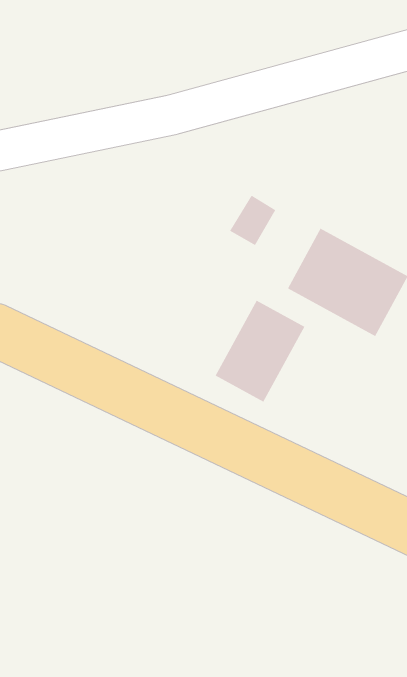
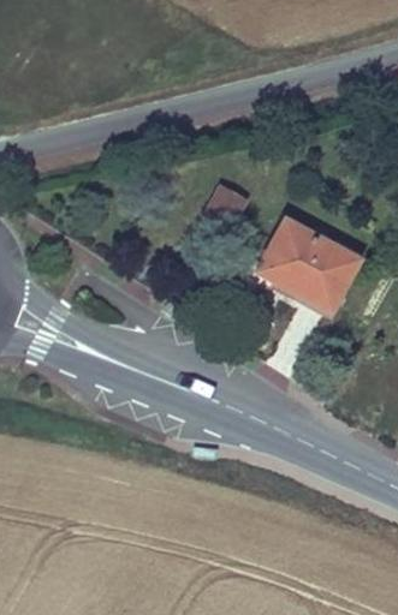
building: [215,300,305,403] -> none

